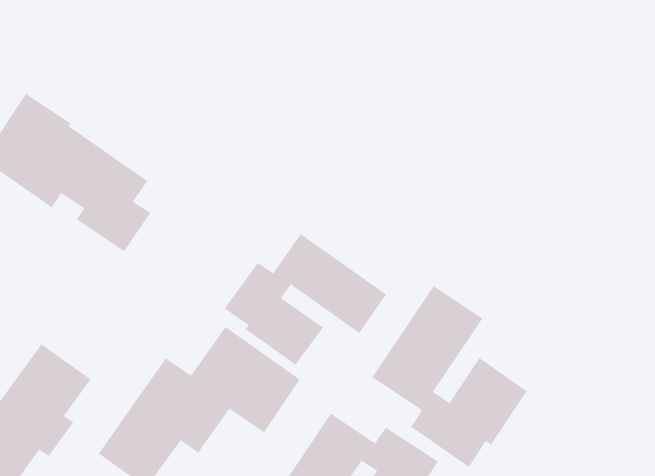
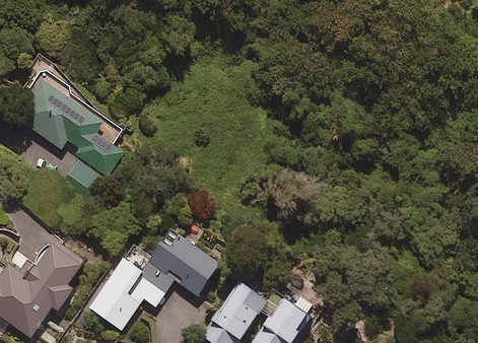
building: [224,233,387,365] -> none
building: [372,285,527,468] -> none

